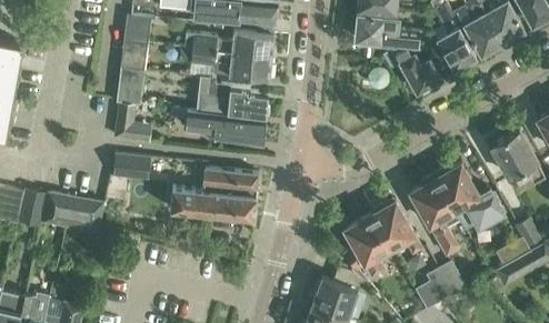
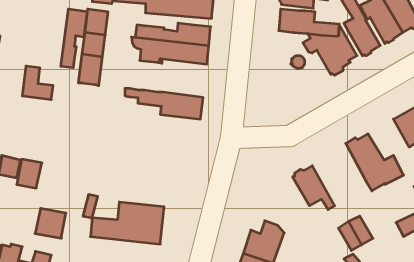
building: none -> [61,9,87,68]
building: [194,78,269,120] -> none
building: [114,102,151,142] -> [22,66,53,100]
building: [112,153,150,181] -> none
building: [170,169,258,219] -> [90,202,164,244]
building: [410,174,459,255] -> none
building: [66,198,102,233] -> [35,208,66,238]
building: [343,214,391,276] -> none

